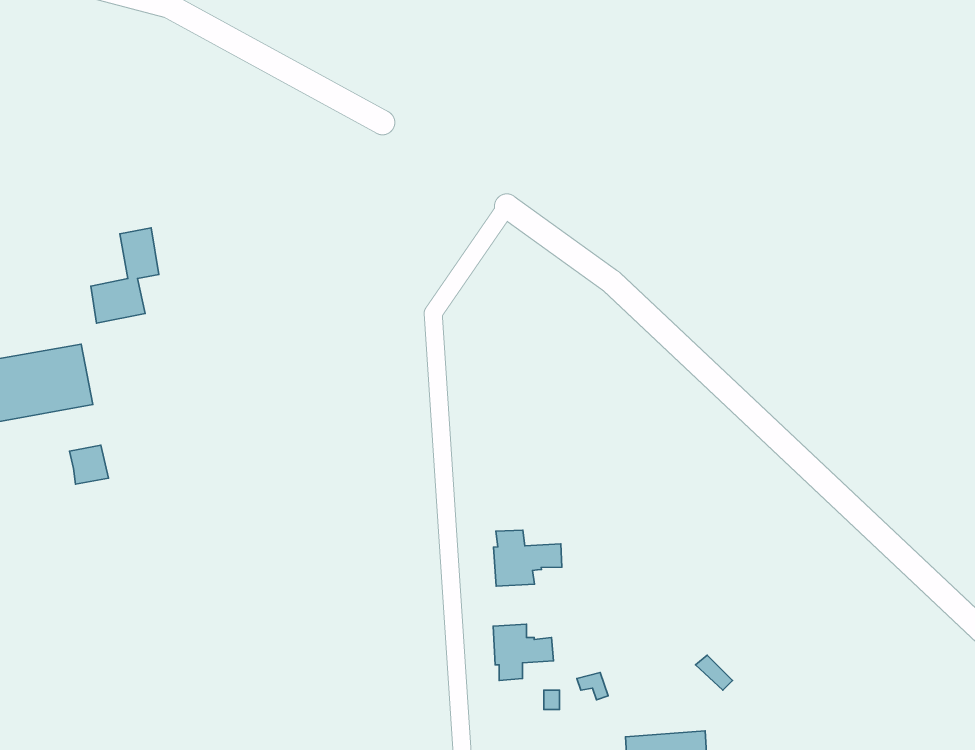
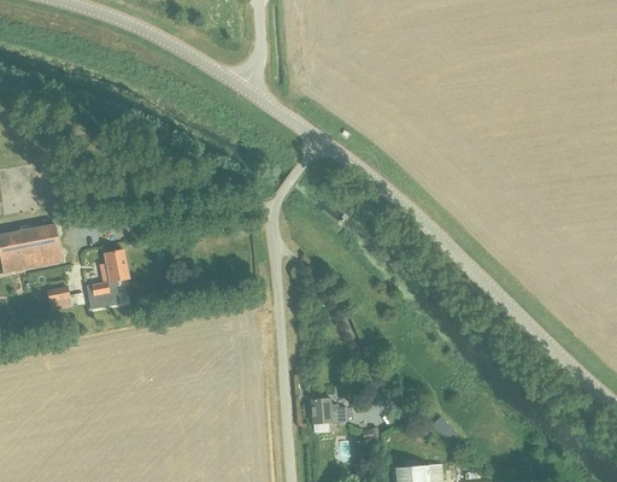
building: [91,228,159,323] -> [87,249,129,308]
building: [493,530,562,586] -> none

